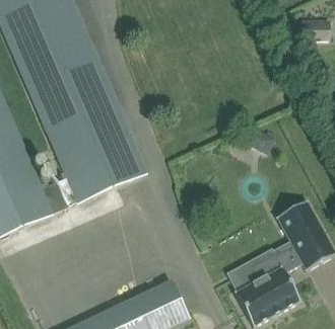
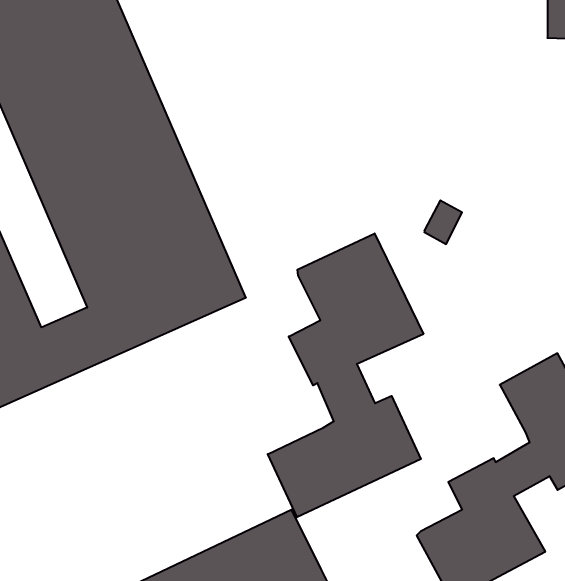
building: none -> [268,233,423,517]

